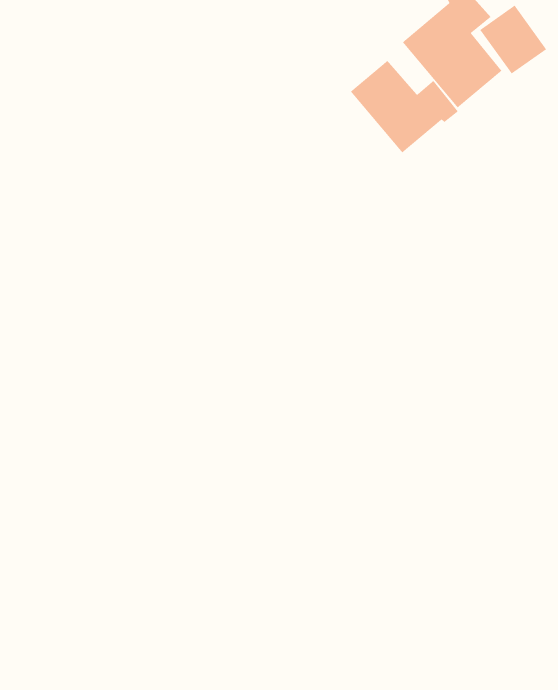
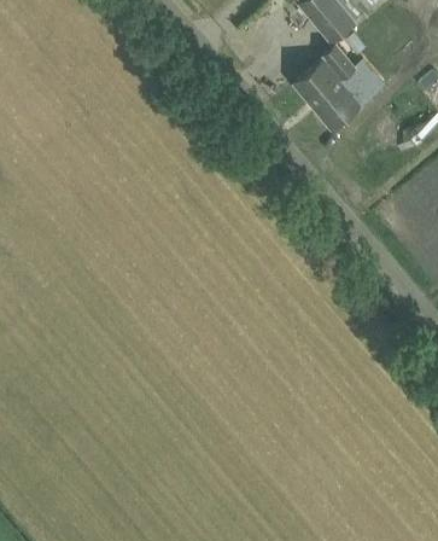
building: [350,60,459,153] -> none

